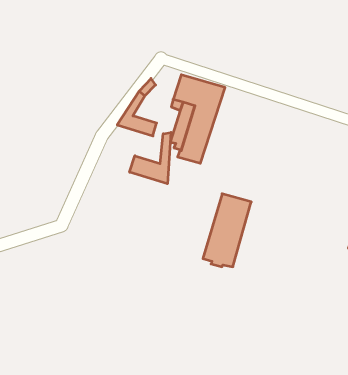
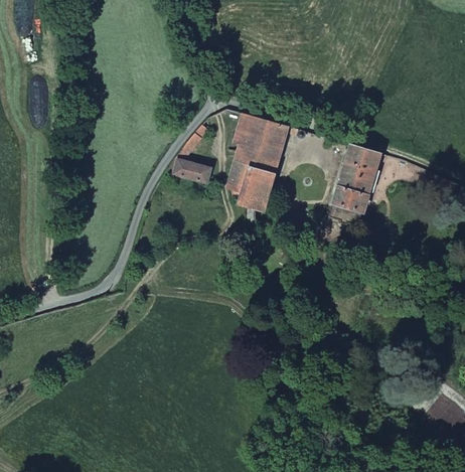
building: [130,132,171,184] -> none
building: [203,194,251,267] -> [328,145,381,225]

